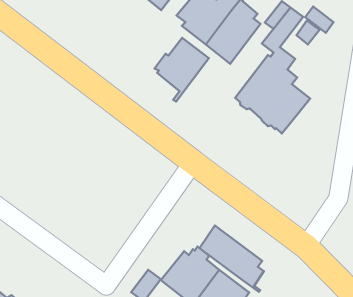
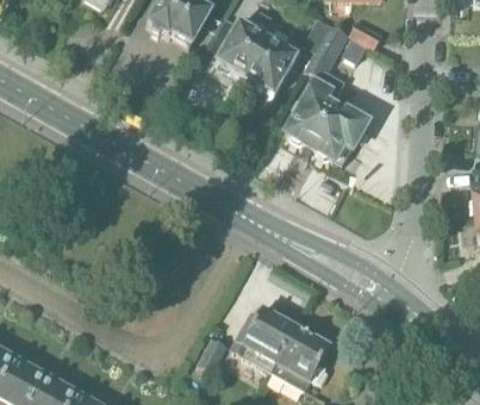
building: [155,38,209,101] -> none
building: [199,225,264,292] -> none

